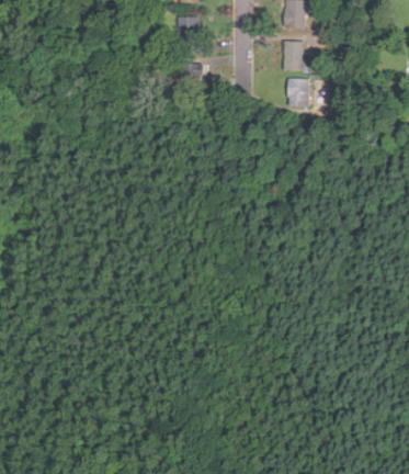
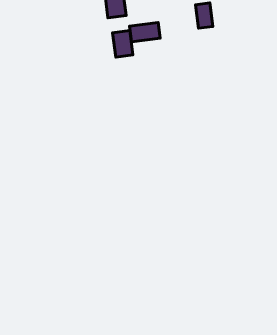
building: none -> [129,22,160,42]
building: [288,78,308,106] -> none

